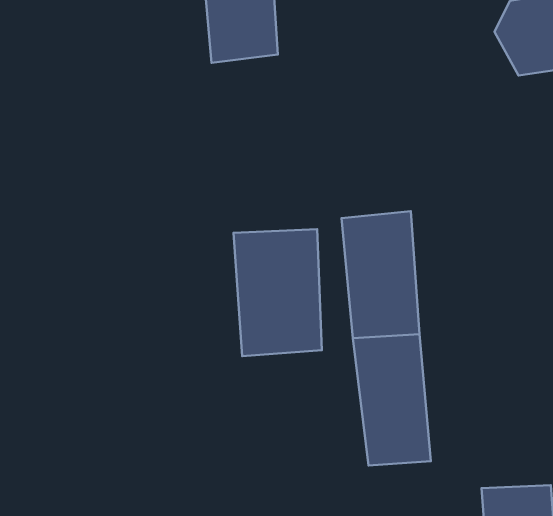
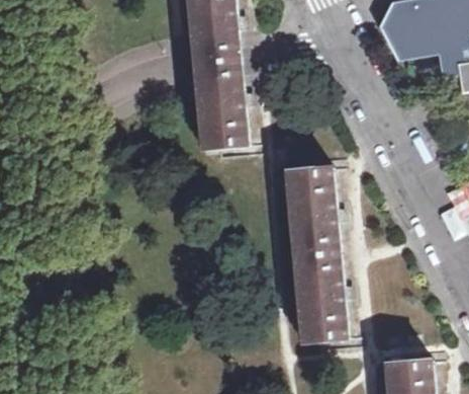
building: none -> [190,46,249,143]
building: [234,229,322,356] -> none

